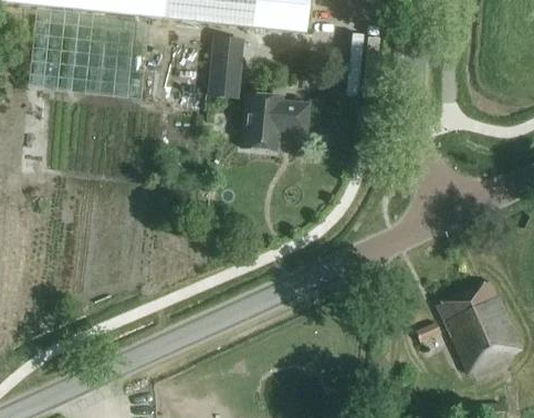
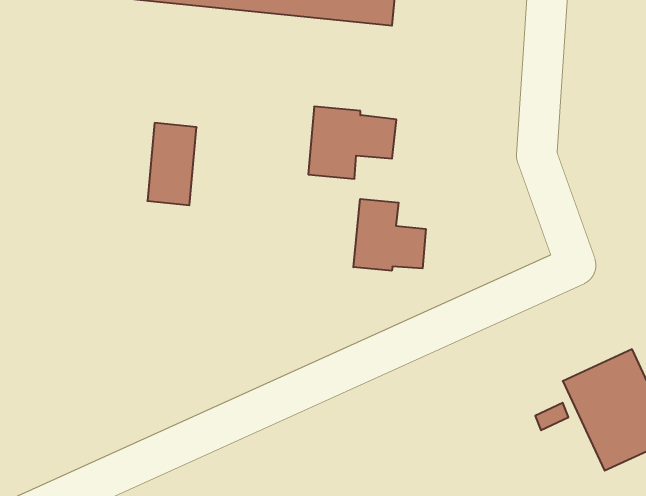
building: [207,36,244,100] -> [147,123,197,205]
building: none -> [353,199,426,271]

